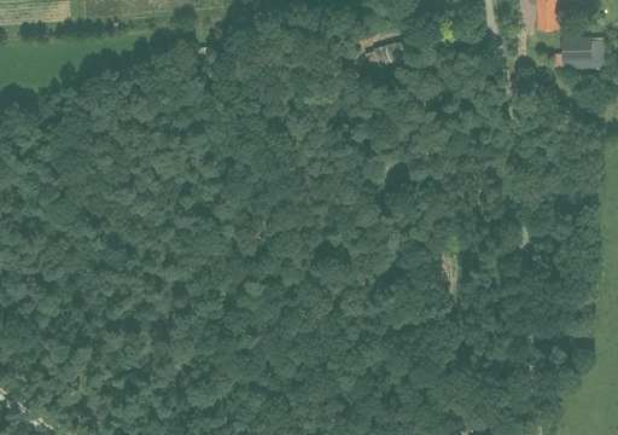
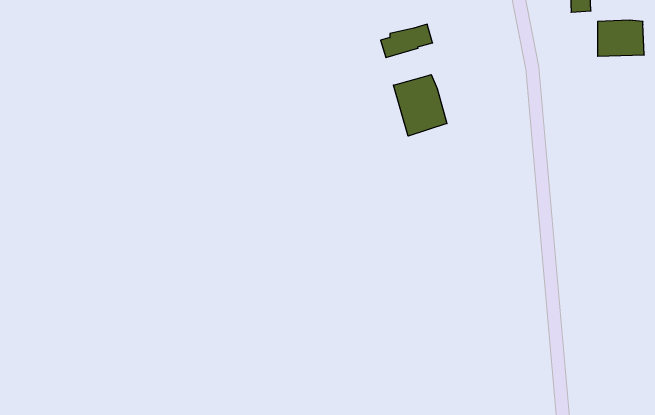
building: none -> [393,75,447,136]

